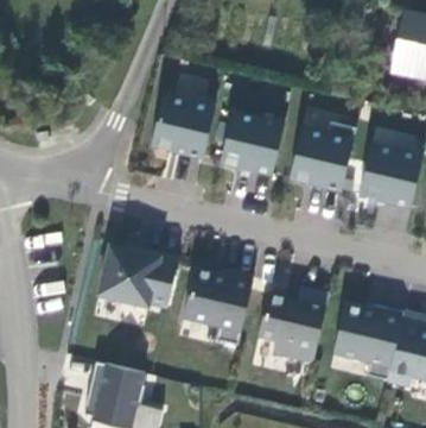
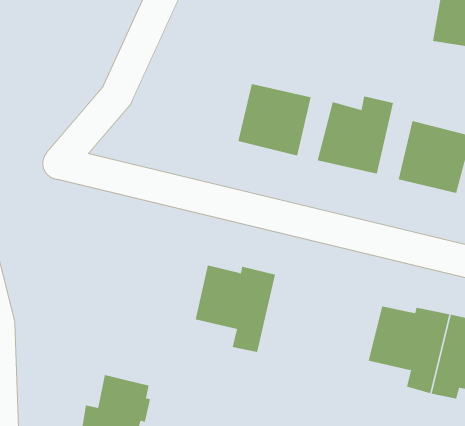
building: [152,95,215,158] -> none
building: [98,246,179,308] -> none
building: [259,288,329,363] -> none

